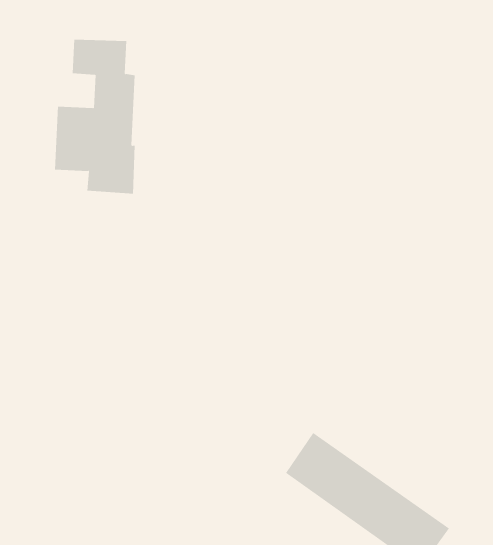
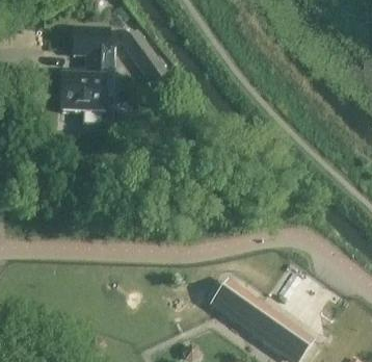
building: none -> [123,30,160,68]

